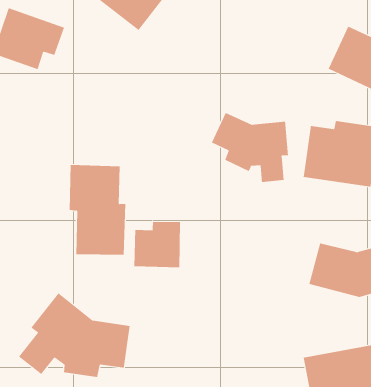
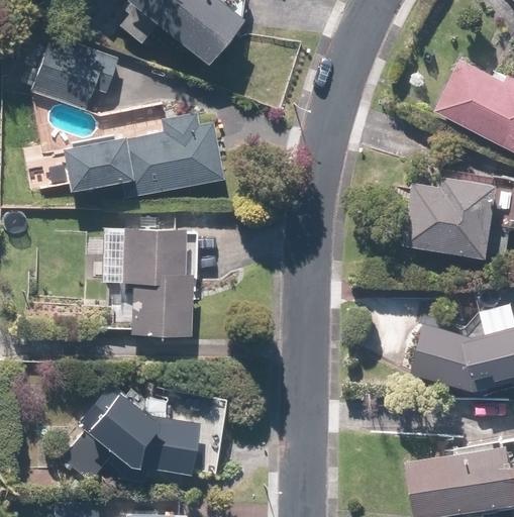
building: none -> [64,115,223,200]
building: [211,112,288,183] -> none
building: [134,221,181,268] -> none

